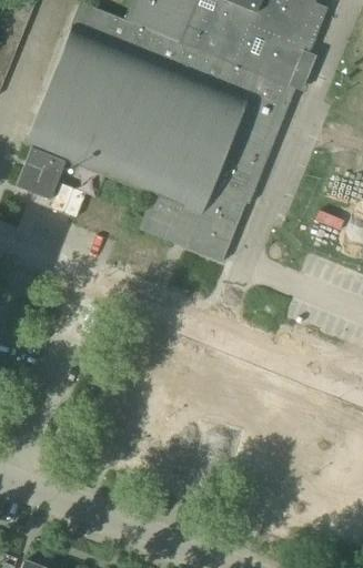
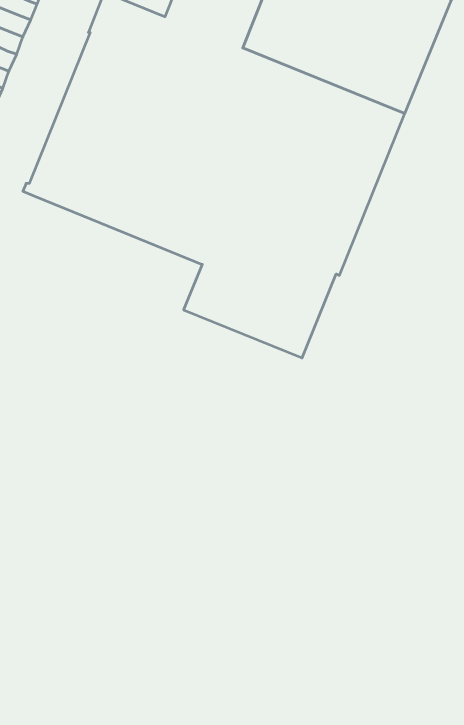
building: [16,146,67,200] -> none

